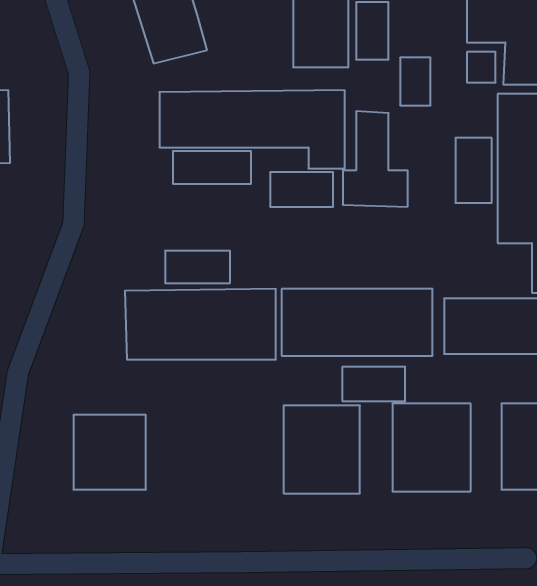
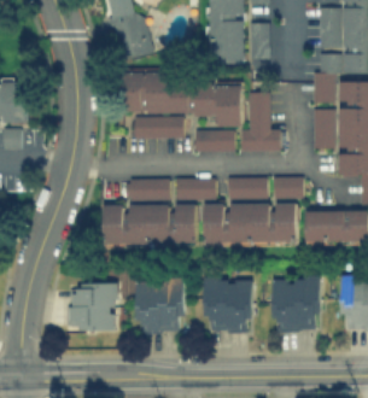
building: [400,58,431,105] -> [312,72,332,103]
building: none -> [271,176,302,198]
building: none -> [175,177,214,199]
building: [342,367,405,401] -> [227,177,267,199]
building: none -> [135,277,183,332]

